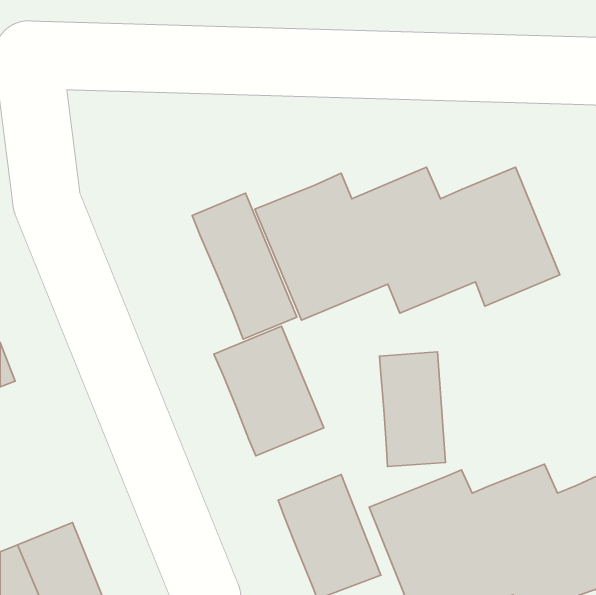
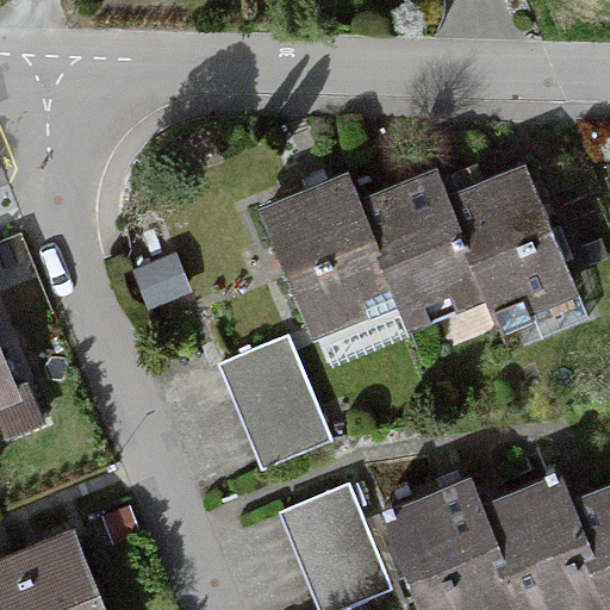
building: [192,193,297,339] -> none
building: [380,352,445,467] -> none

